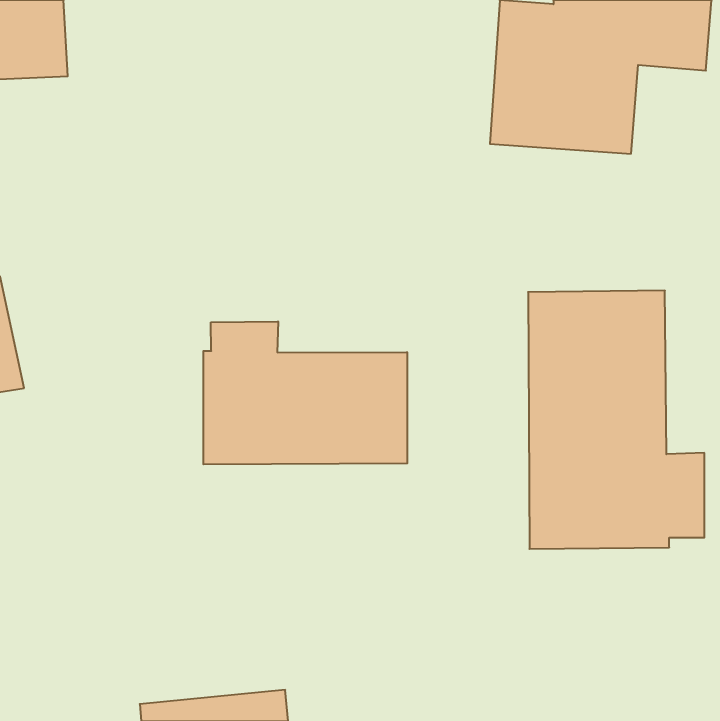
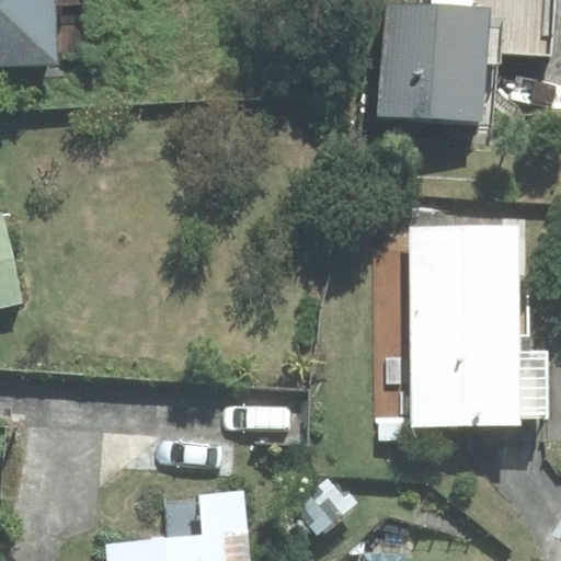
building: [203,321,407,464] -> none

